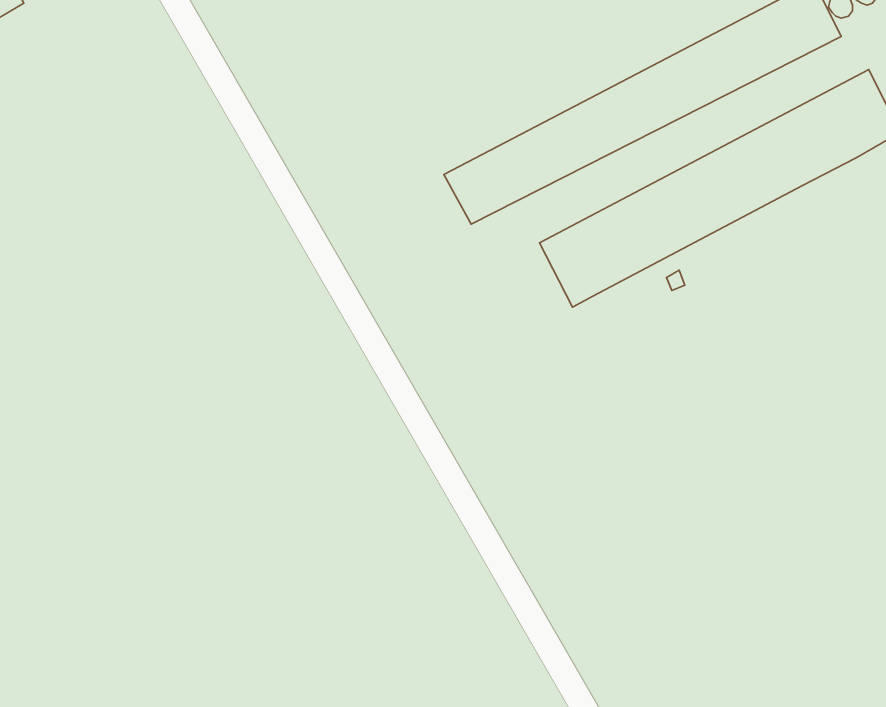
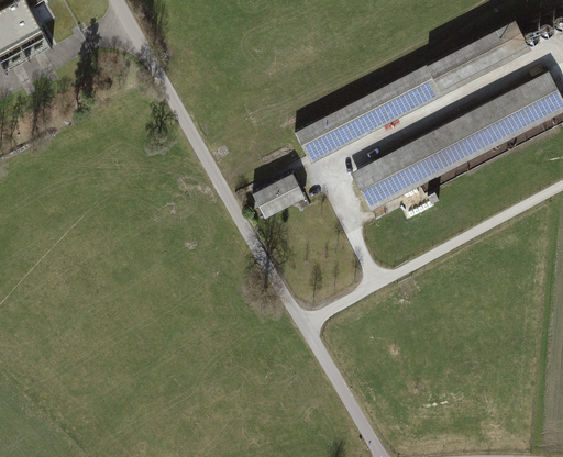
building: none -> [251,172,305,219]

